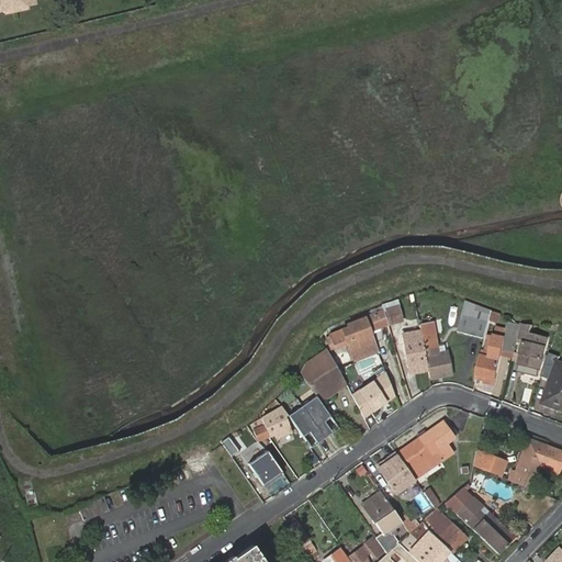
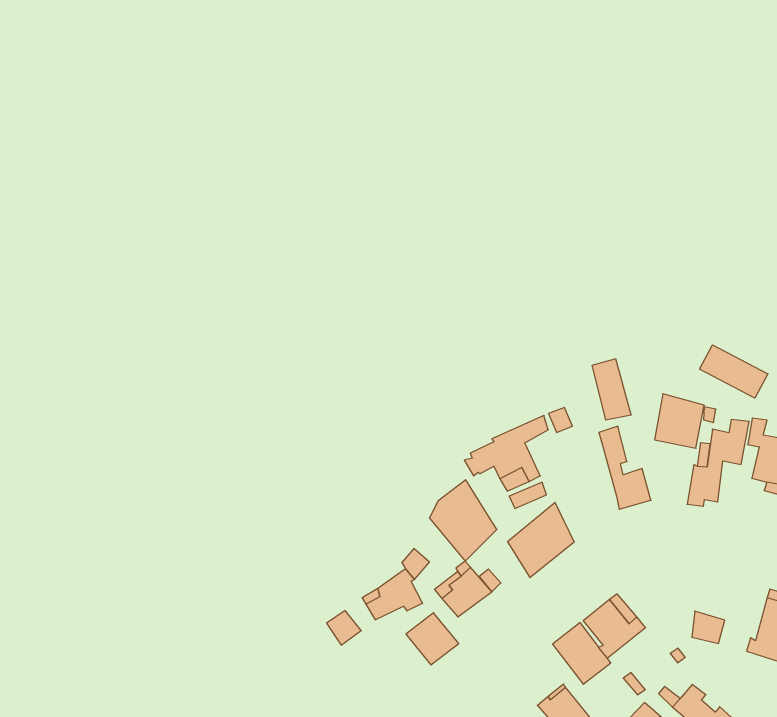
building: none -> [700,345,768,398]
building: [404,330,428,371] -> [592,359,631,420]
building: [427,422,453,457] -> none
building: [248,450,283,485] -> [406,613,459,665]

